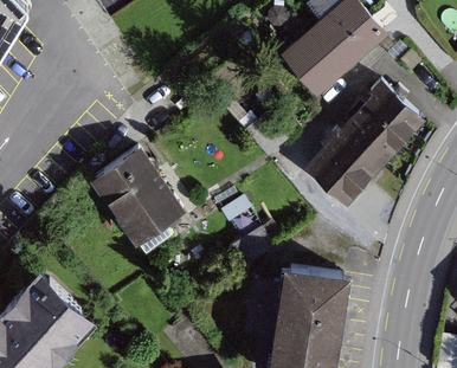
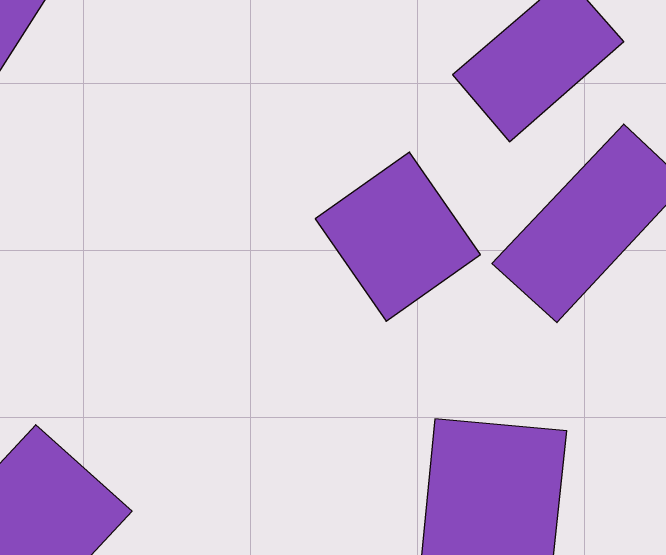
building: [81,149,180,251] -> [315,152,480,321]

